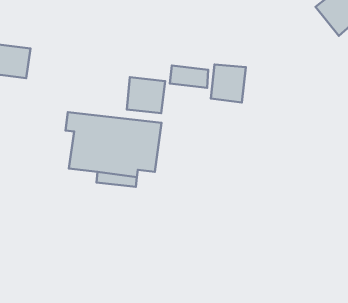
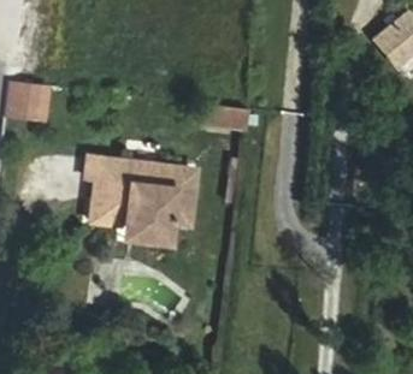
building: [211,64,246,102] -> none
building: [127,77,165,113] -> none

